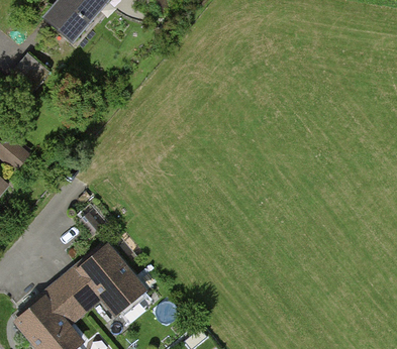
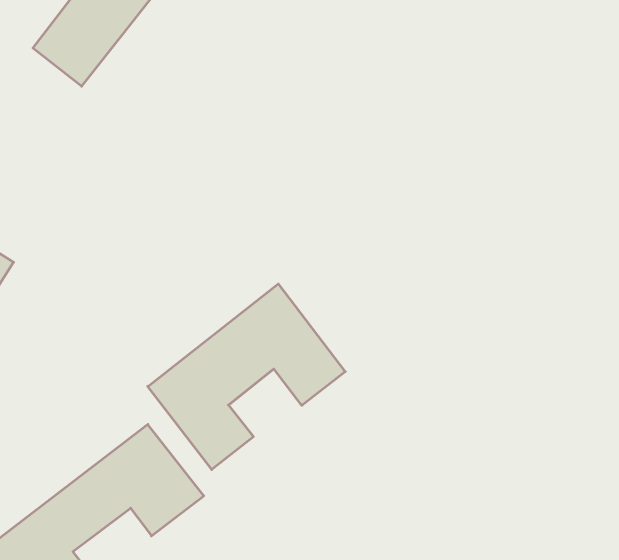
building: none -> [148,284,345,470]

